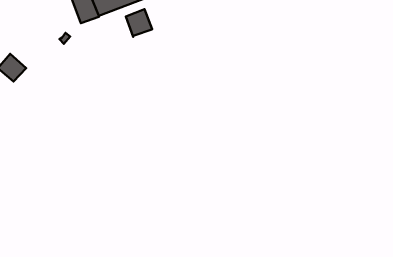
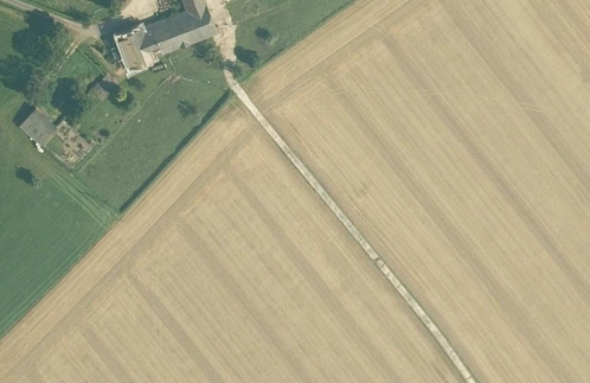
building: [126,9,152,37] -> none

